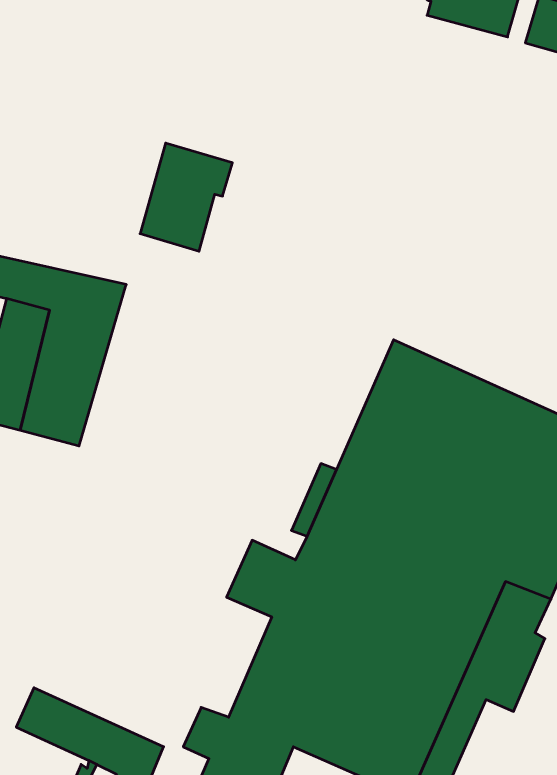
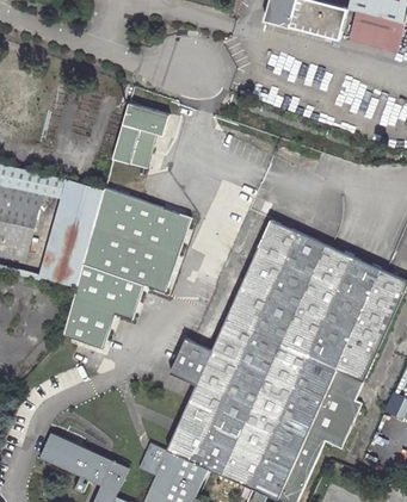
building: none -> [62,188,192,351]

